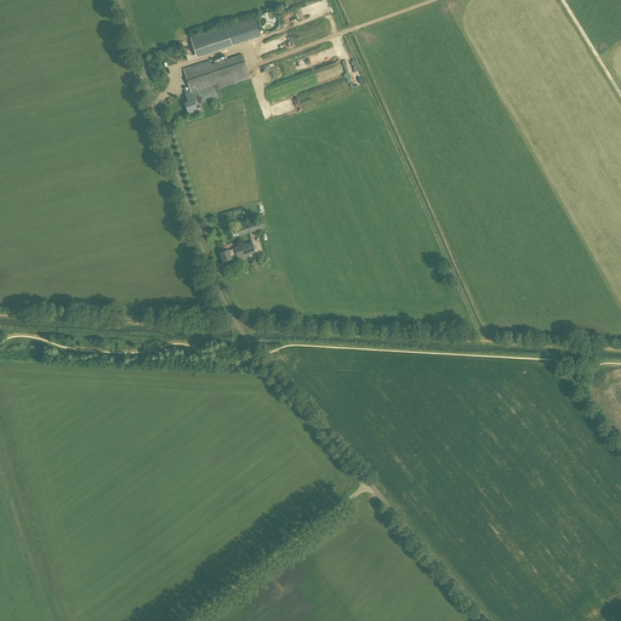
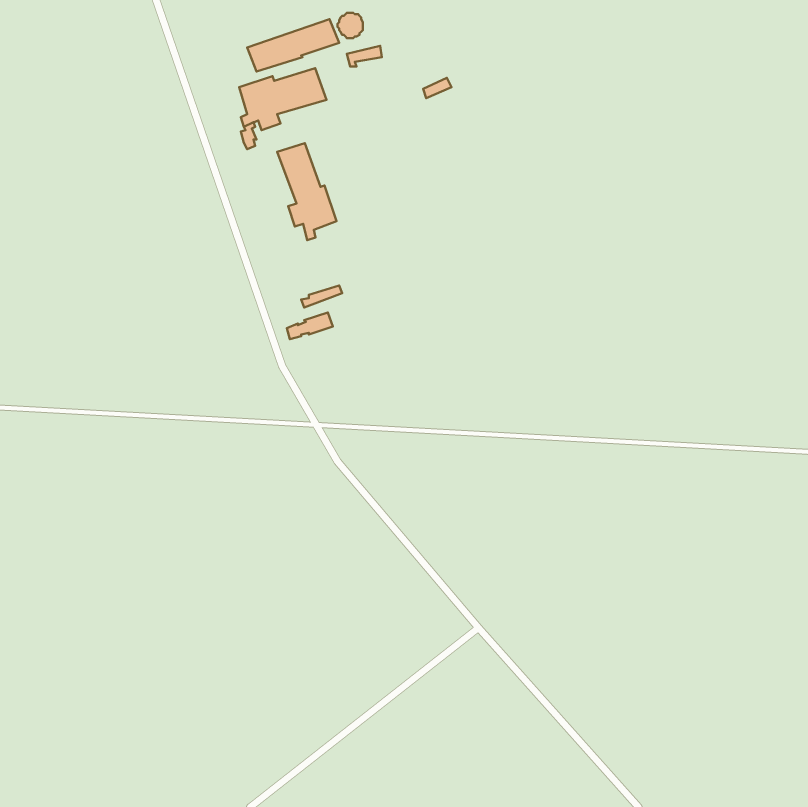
building: none -> [277,143,336,240]

